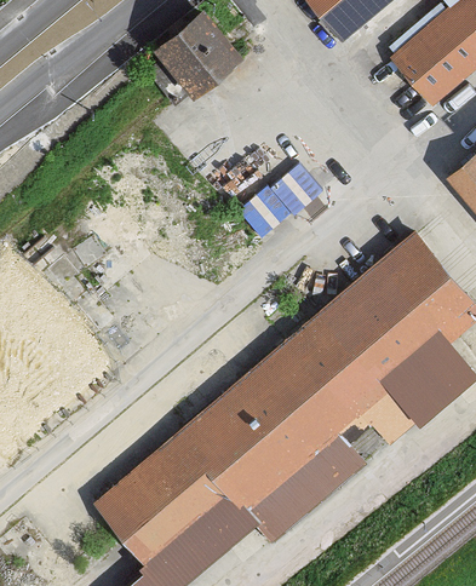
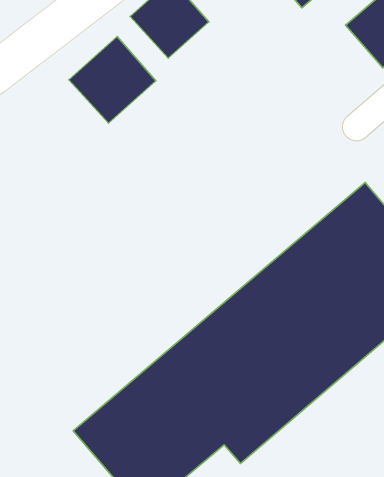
building: none -> [69,36,156,123]

